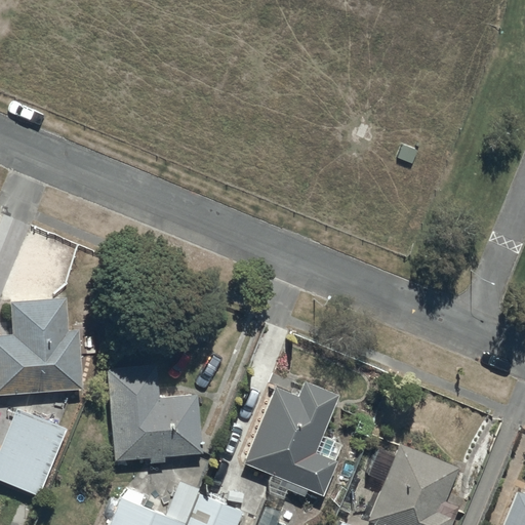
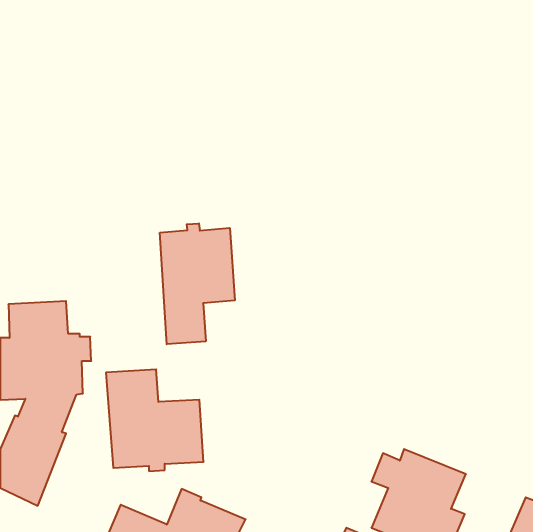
building: none -> [160,223,235,344]
building: [242,380,337,497] -> none

